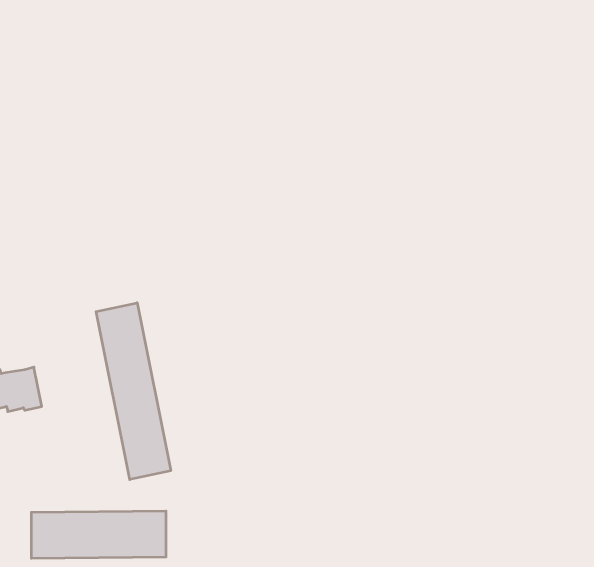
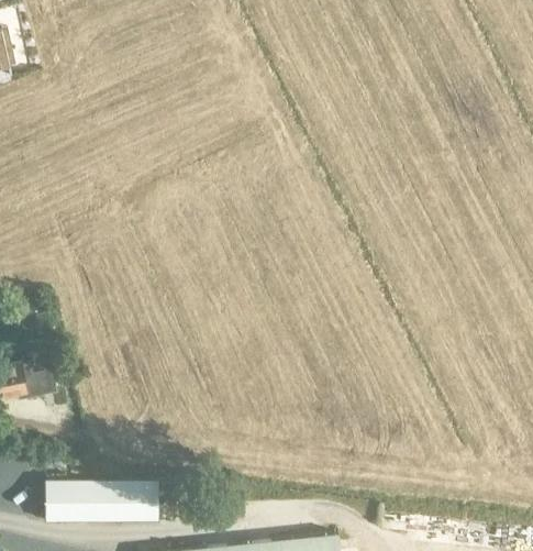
building: [96,303,171,480] -> none

